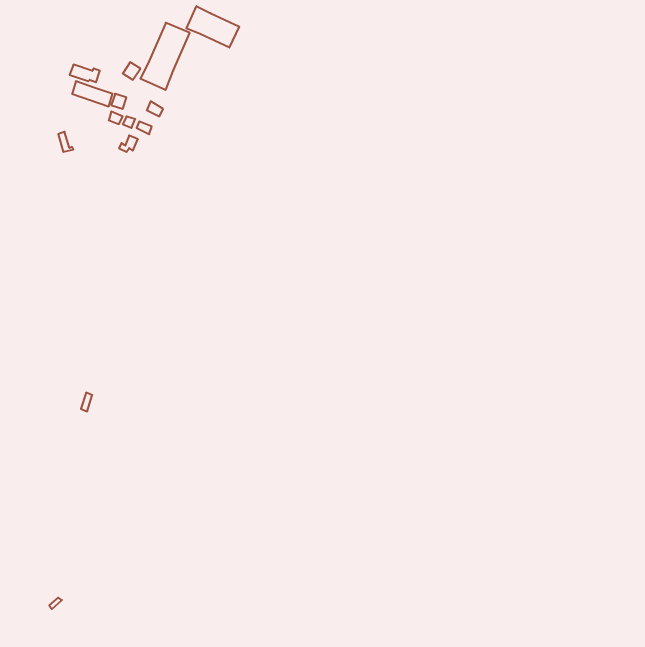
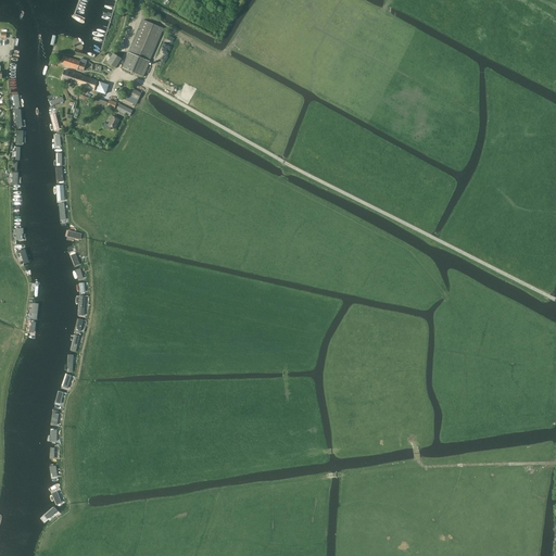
building: [186,6,239,48] -> none

